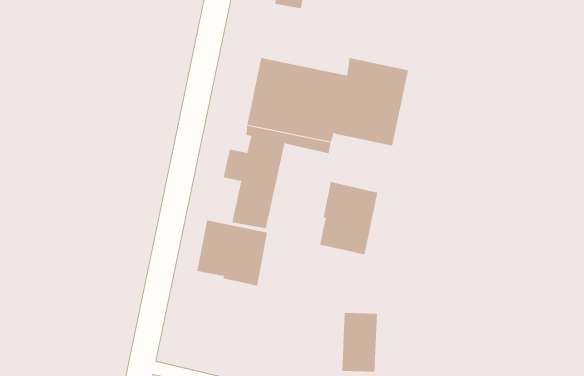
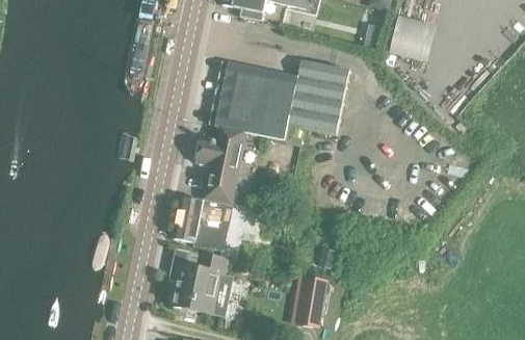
building: [319,181,378,255] -> none
building: none -> [168,253,252,315]

